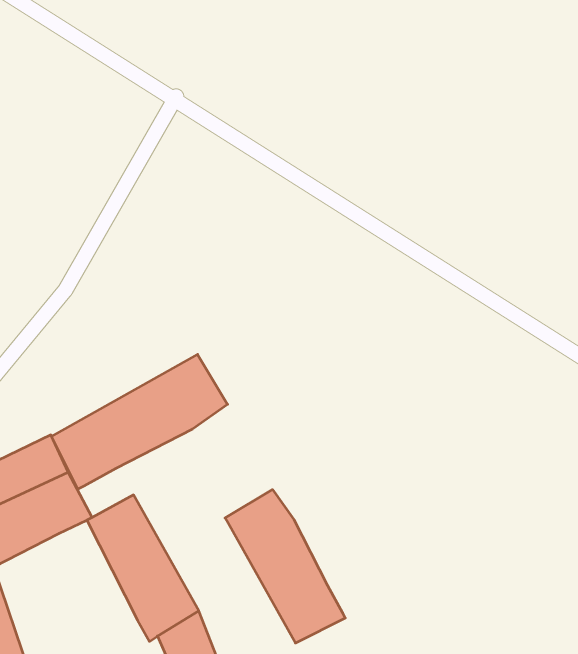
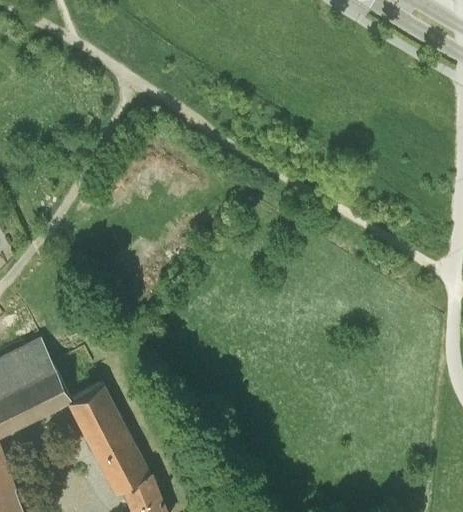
building: [52,354,228,489] -> none
building: [225,490,345,643] -> none

